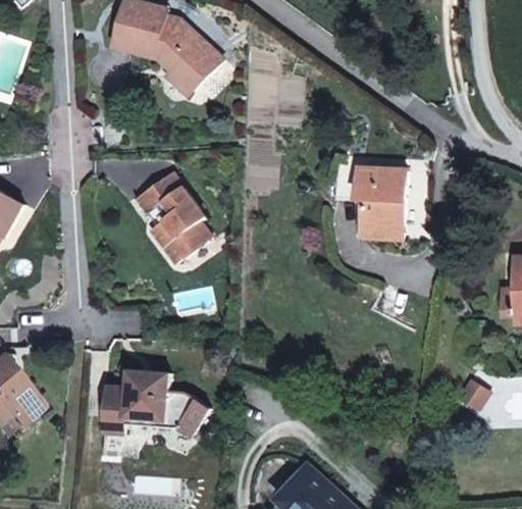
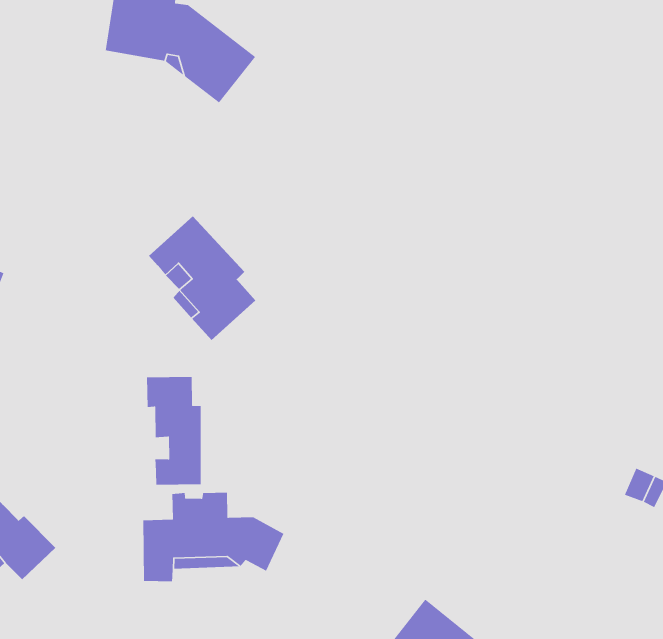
building: [338,165,407,240] -> none
building: none -> [146,376,202,485]

